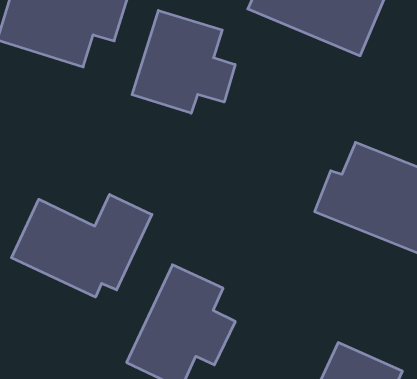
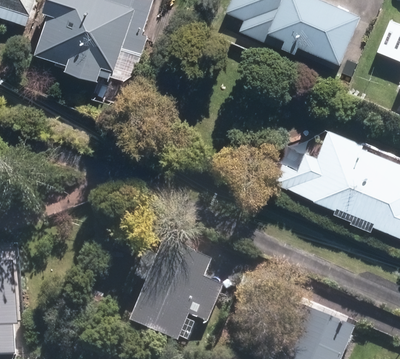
building: [132,10,235,113] -> none
building: [11,194,152,297] -> none

